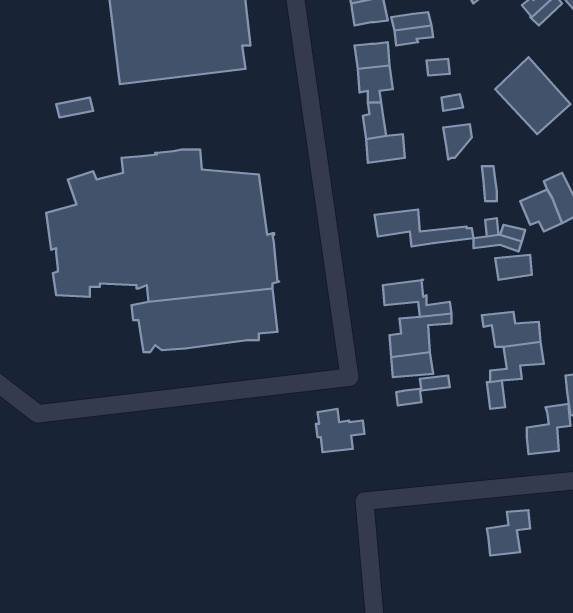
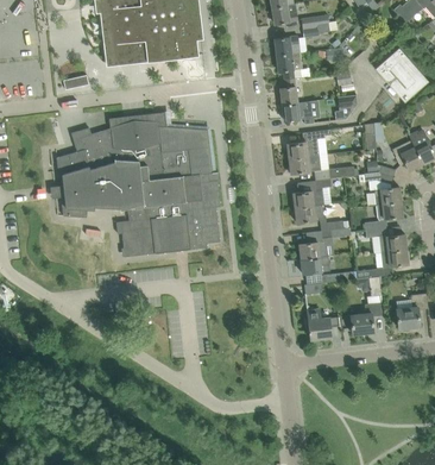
building: none -> [286,128,332,158]
building: none -> [292,178,330,208]
building: none -> [365,201,403,230]
building: [316,409,364,452] -> [305,308,340,339]
building: [487,510,530,555] -> [351,302,382,334]

